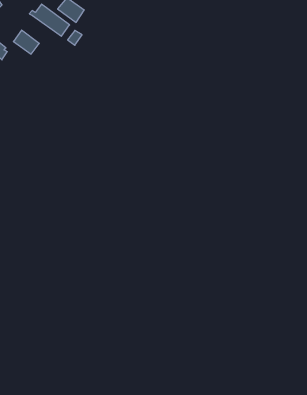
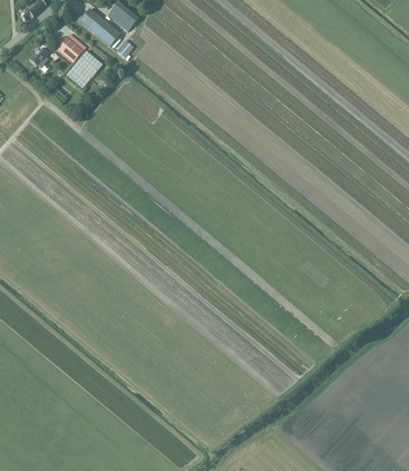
building: none -> [66,51,103,89]

